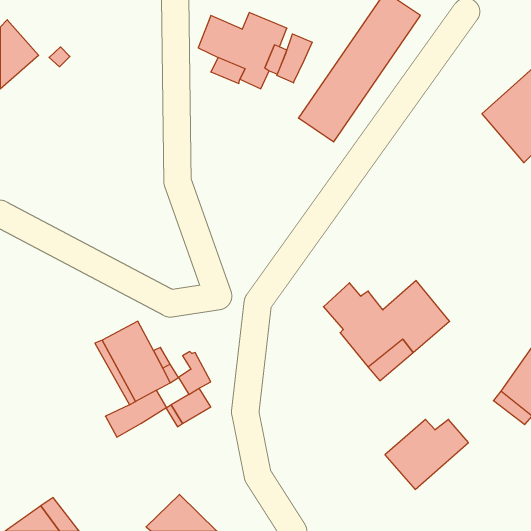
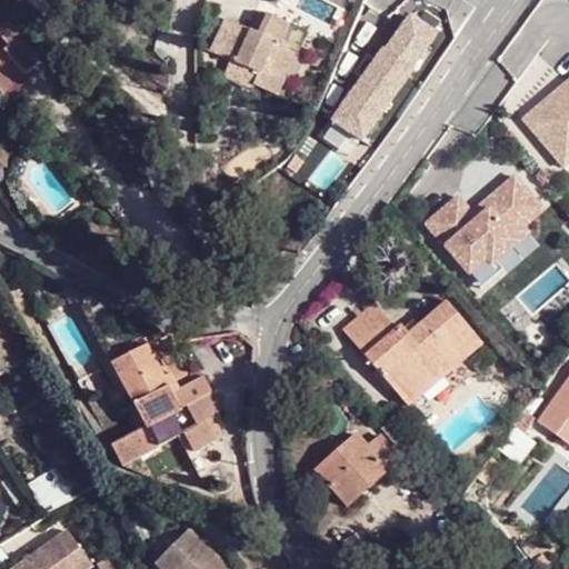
building: [277,34,312,83] -> none
building: none -> [420,171,549,281]
building: [385,419,468,489] -> [315,431,403,506]

